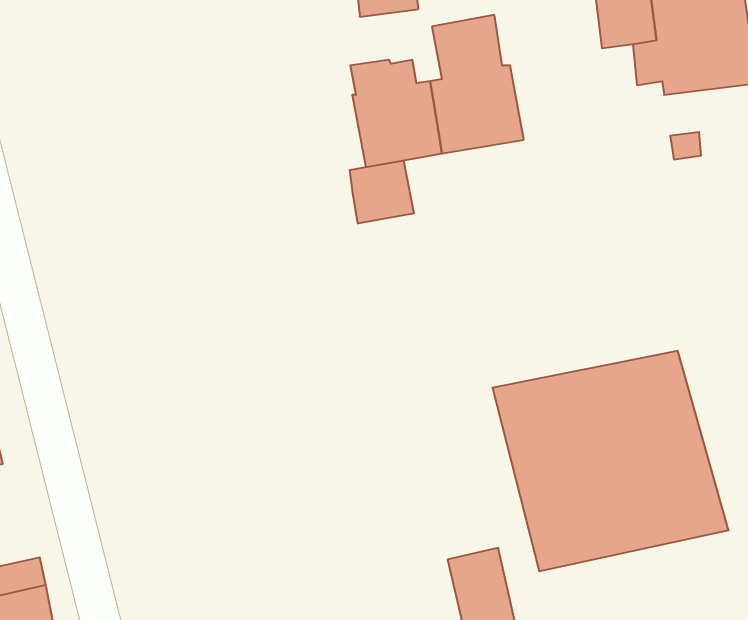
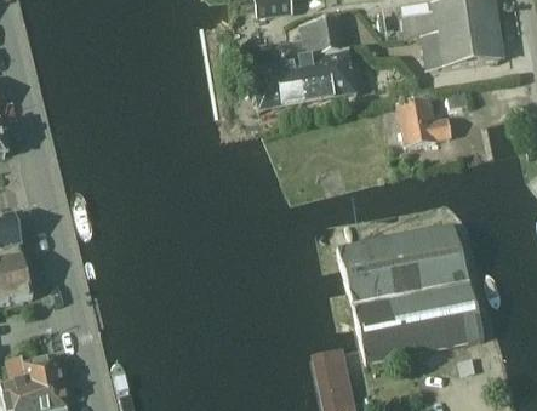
building: none -> [398,97,449,143]
building: [350,161,414,224] -> none

